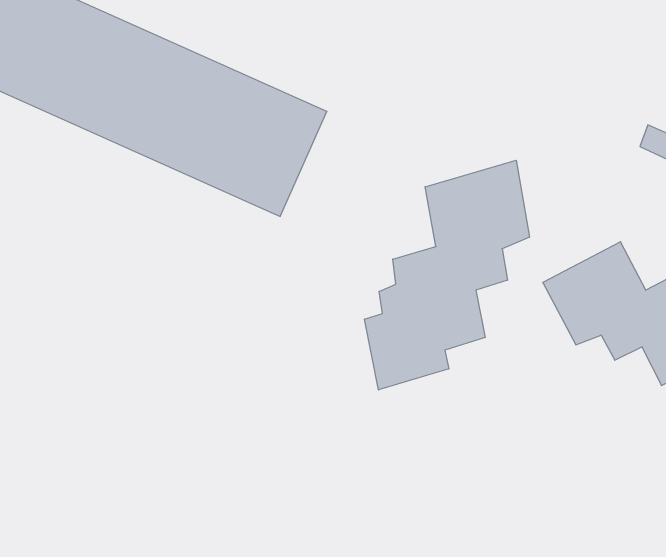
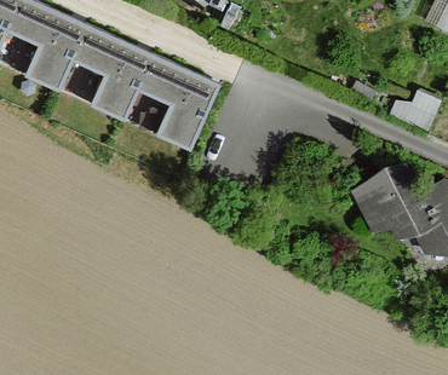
building: [365,160,529,390] -> none

